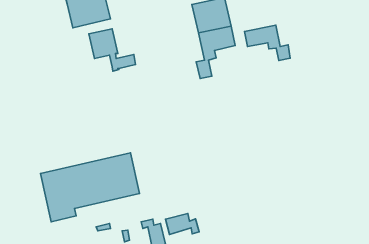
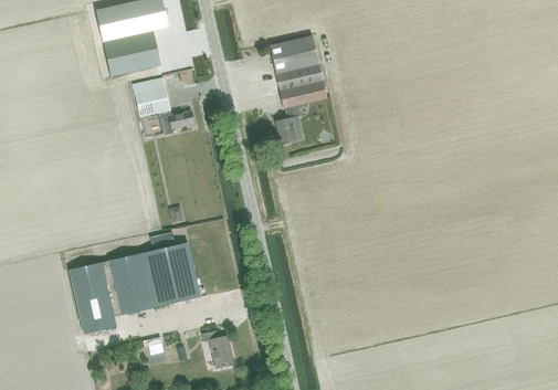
building: [245,25,290,60] -> none
building: [166,213,199,234] -> none

